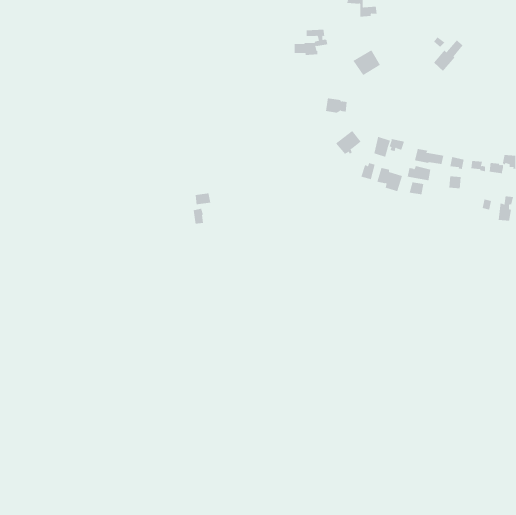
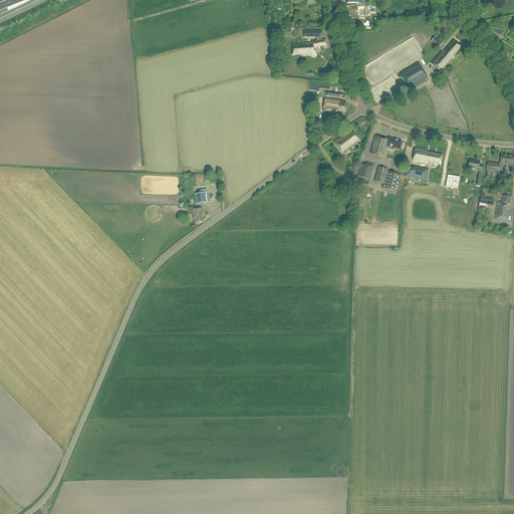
building: [353,50,381,76] -> [400,62,428,88]

